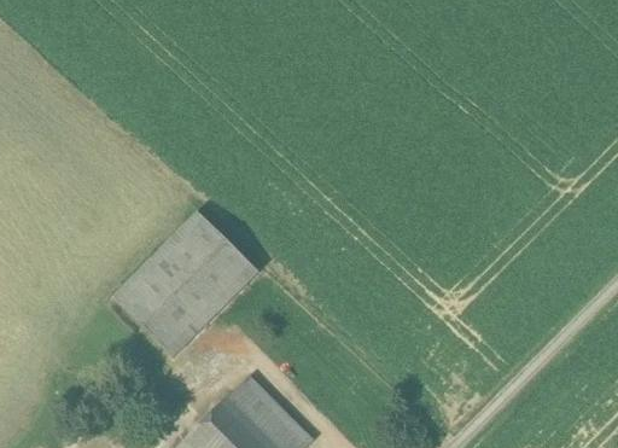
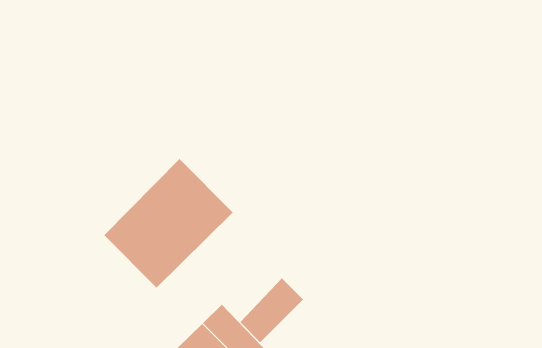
building: none -> [240,278,304,343]

